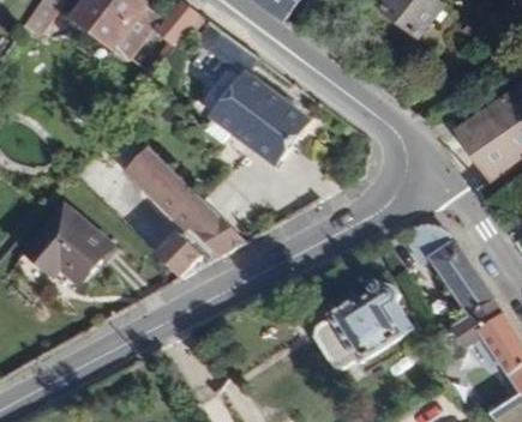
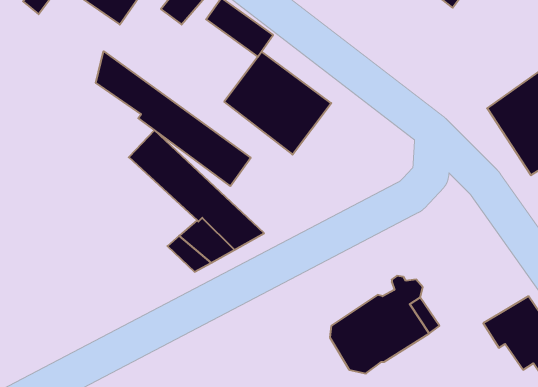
building: none -> [96,51,251,186]
building: [20,204,112,287] -> none
building: [398,224,493,317] -> none

